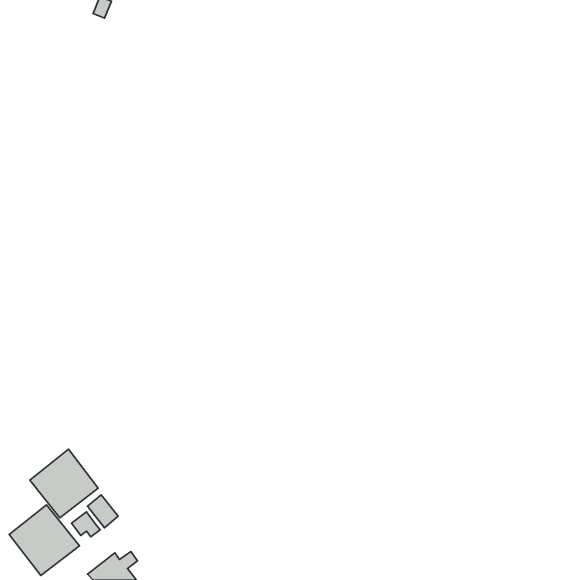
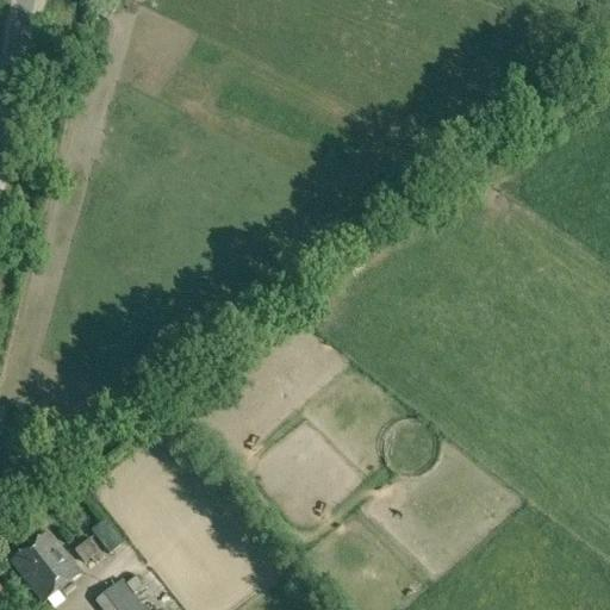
building: [30,449,98,518] -> none

